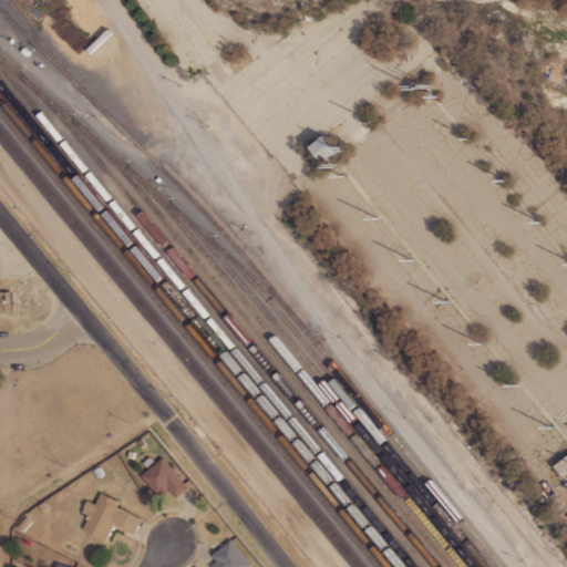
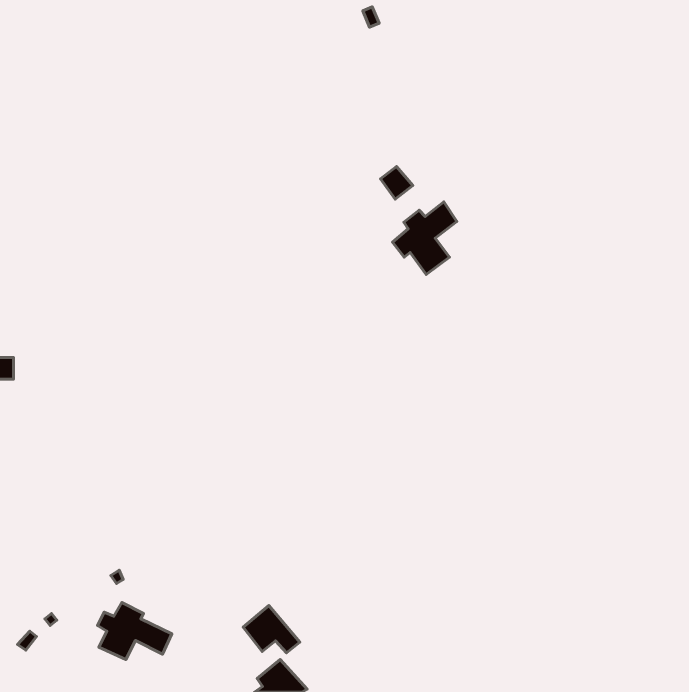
building: none -> [392,202,457,275]
building: [140,458,186,497] -> [243,606,300,653]

